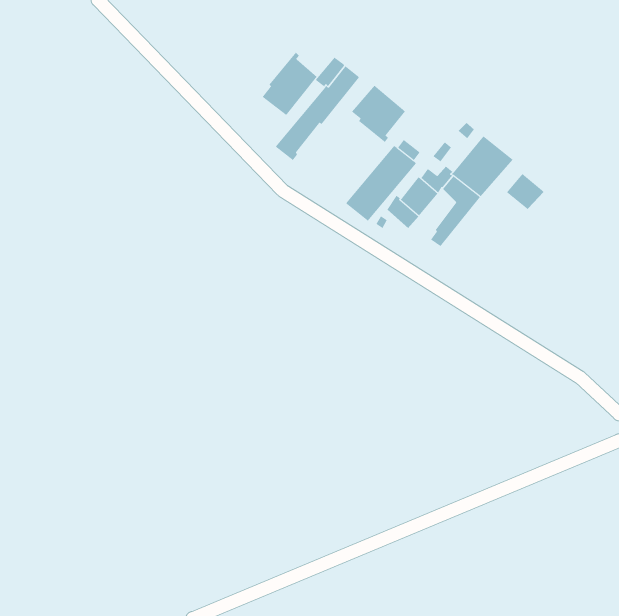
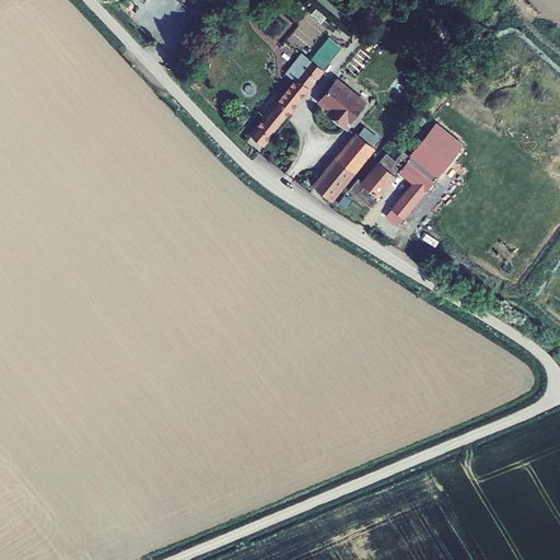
building: none -> [311,37,342,71]
building: [262,52,318,116] -> none
building: [506,173,544,210] -> none

